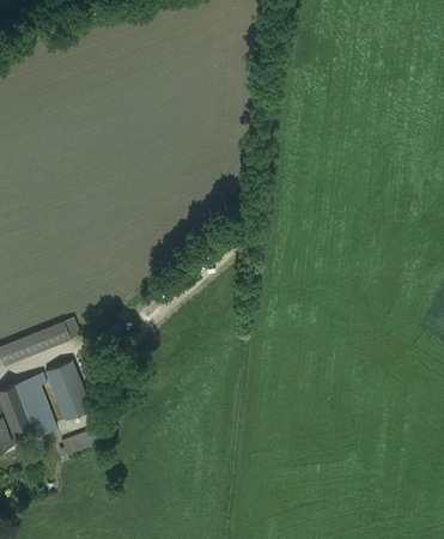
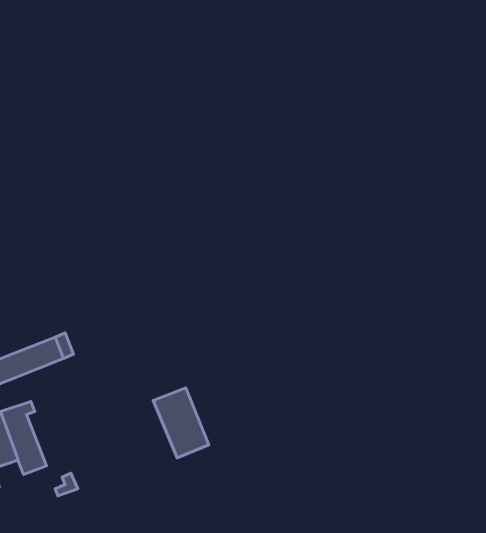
building: [44,362,91,420] -> [153,388,209,458]

